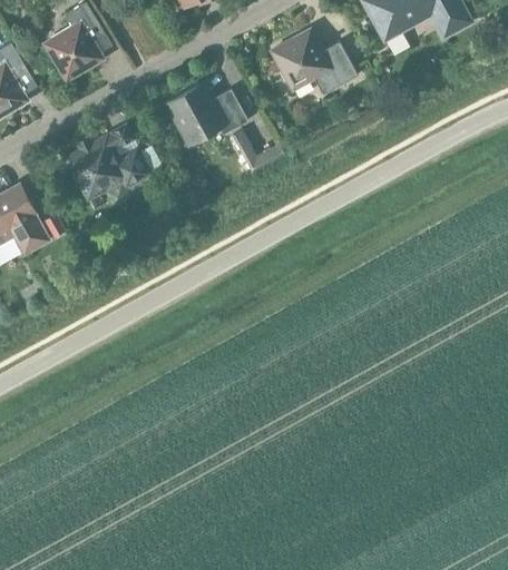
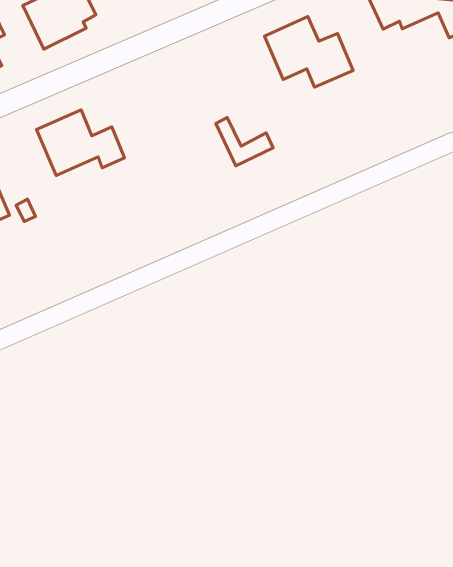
building: [165,79,247,141] -> none

